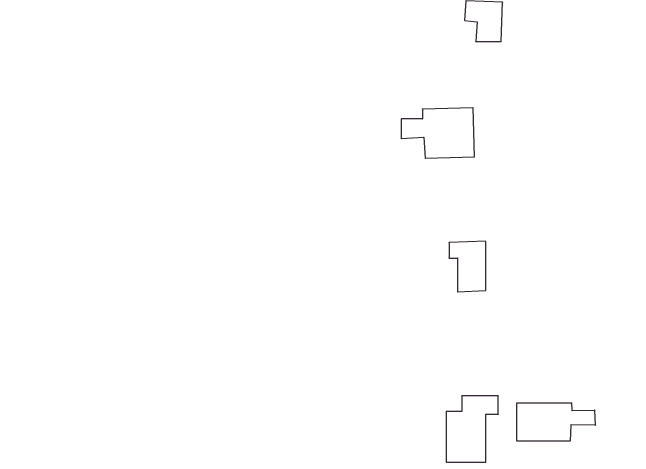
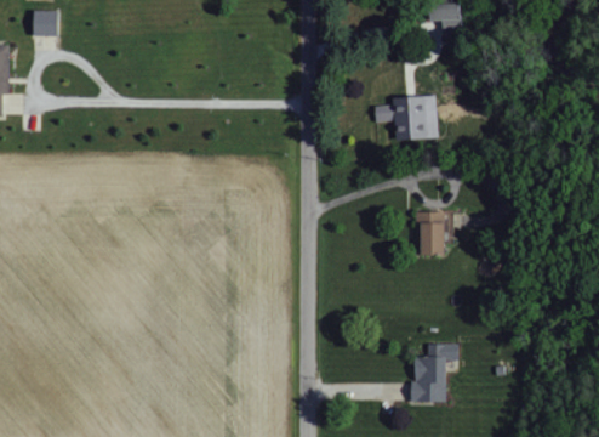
building: none -> [32,10,57,36]
building: [517,403,595,441] -> none

